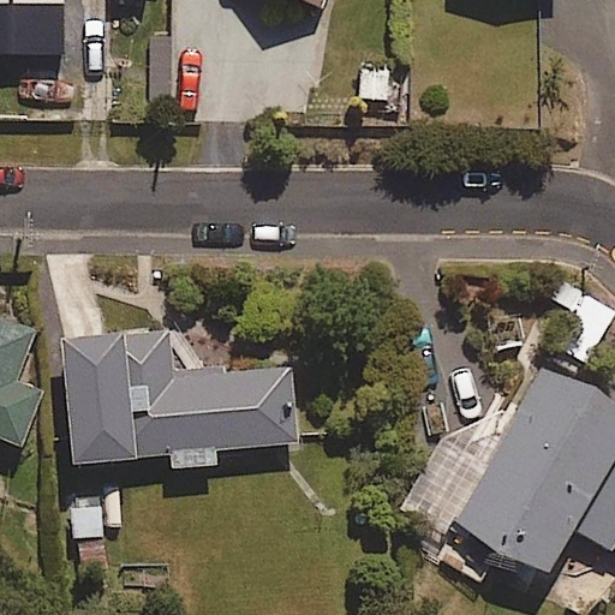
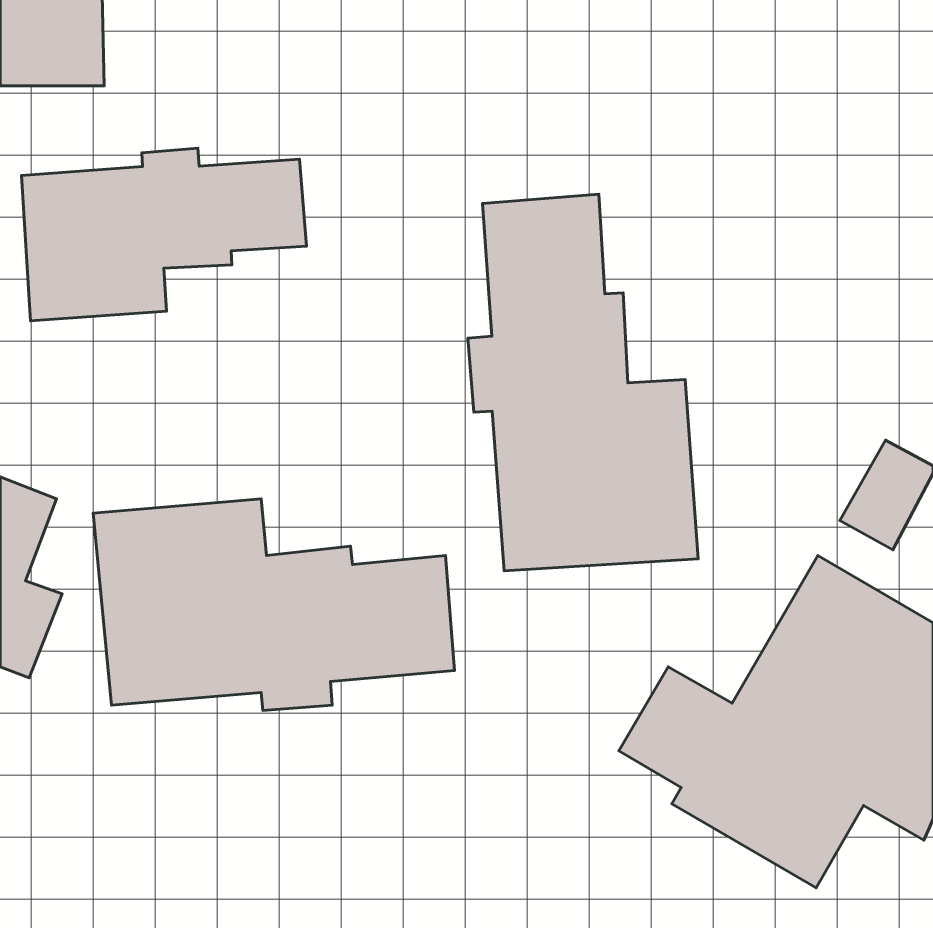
building: none -> [22,148,307,321]
building: none -> [468,194,698,571]

